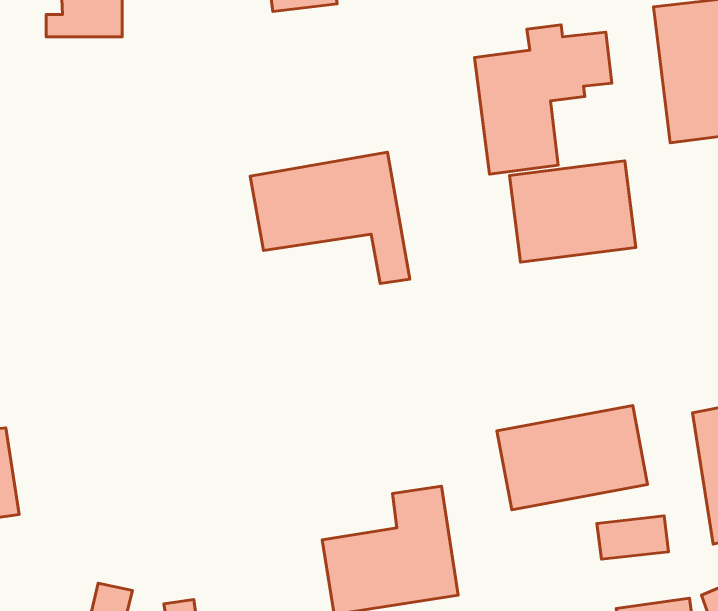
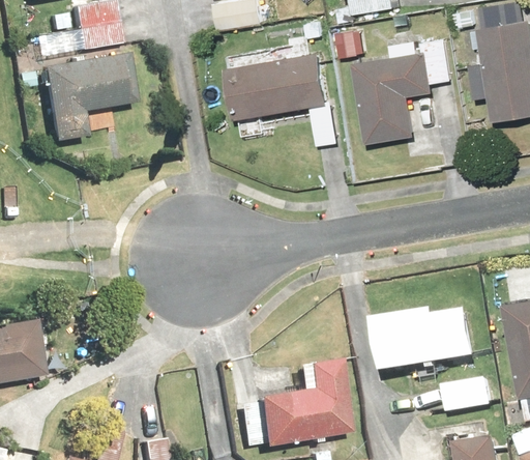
building: none -> [35,55,129,140]
building: [250,152,410,283] -> [224,52,334,143]
building: [510,161,636,262] -> none

